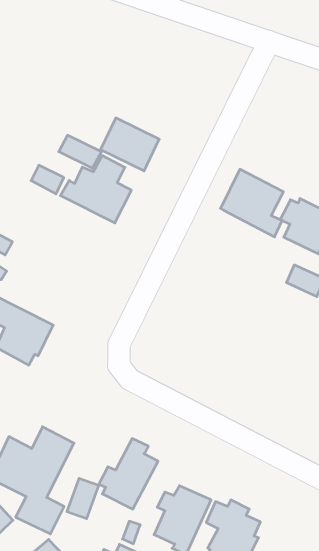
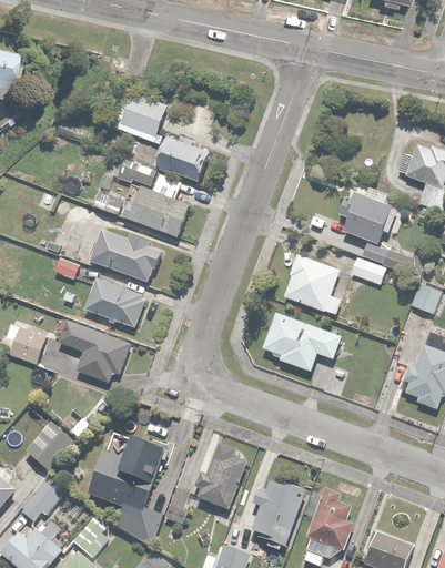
building: none -> [119,90,170,138]
building: [220,169,283,237] -> [282,255,343,316]
building: none -> [90,227,161,283]
building: none -> [83,277,148,329]
building: none -> [262,312,342,373]

